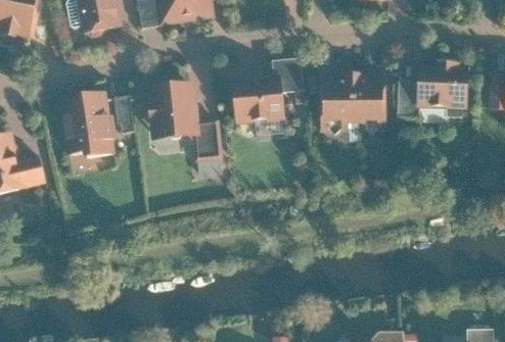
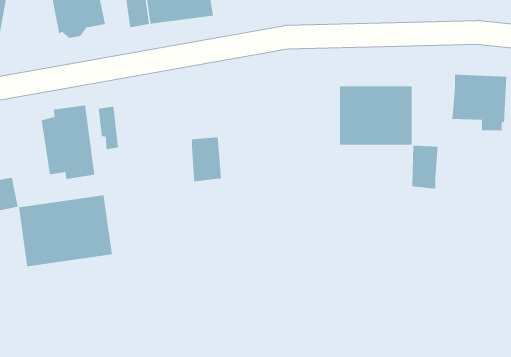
building: [230,58,302,123] -> none
building: [397,79,420,116] -> [411,145,439,189]
building: [148,84,193,134] -> none
building: none -> [18,195,112,267]

